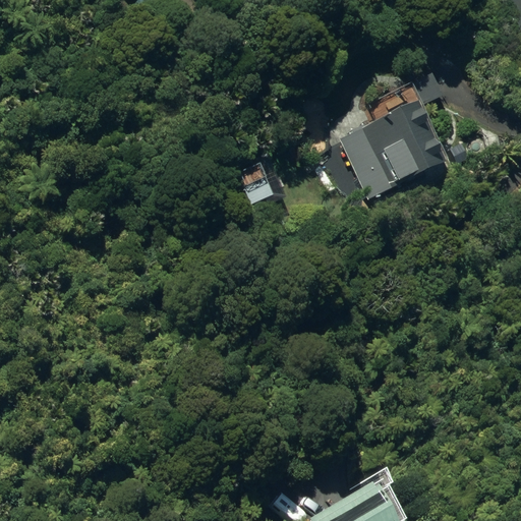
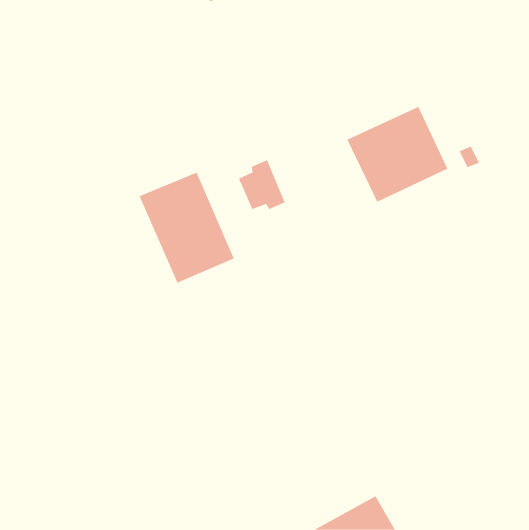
building: none -> [139,172,234,284]

